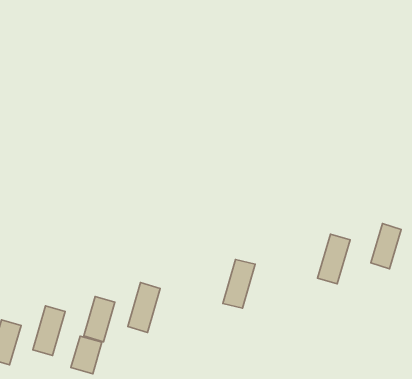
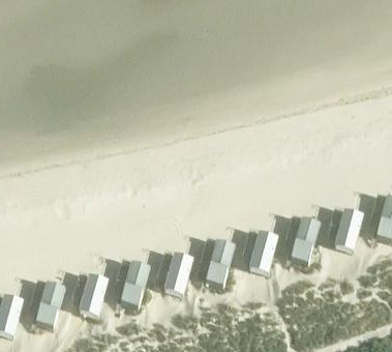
building: none -> [248,230,276,270]
building: none -> [163,252,190,292]
building: [71,336,102,374] -> none

